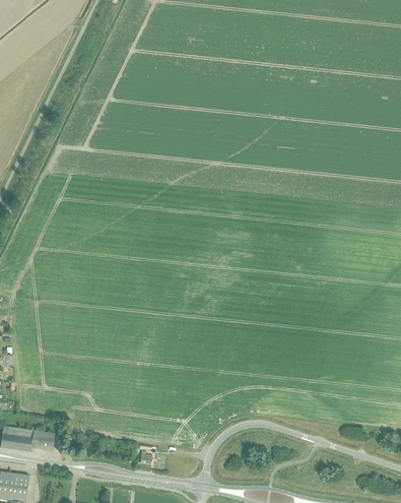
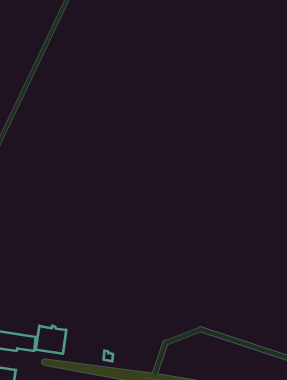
building: none -> [36,326,66,354]

